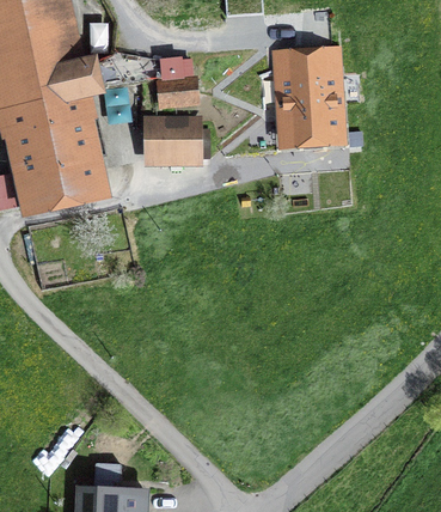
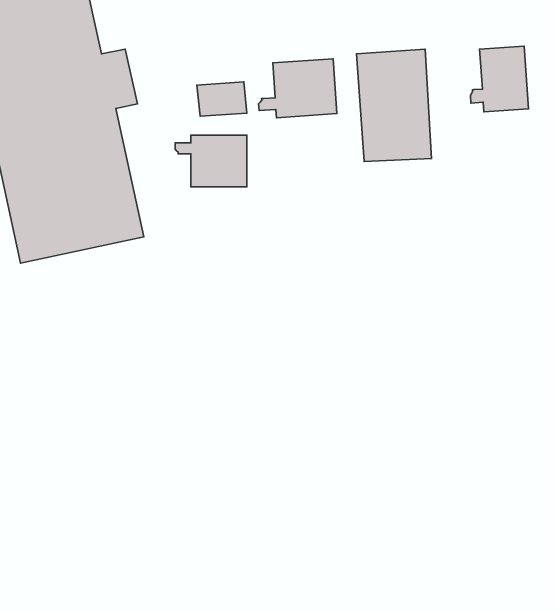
building: none -> [470,46,528,112]
building: none -> [259,59,337,118]

